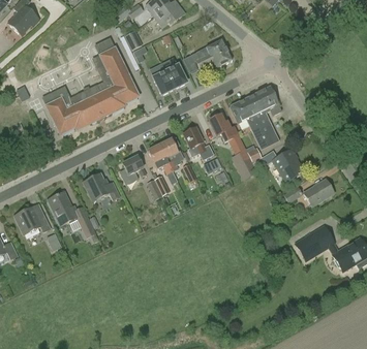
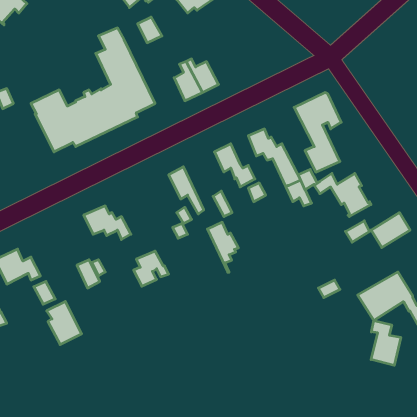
building: [187,39,232,67] -> none
building: [231,98,259,131] -> none
building: [159,138,183,177] -> [207,222,238,272]
building: [120,156,147,183] -> [134,251,169,286]
building: [50,191,77,224] -> [47,301,82,345]
building: none -> [371,320,401,365]

